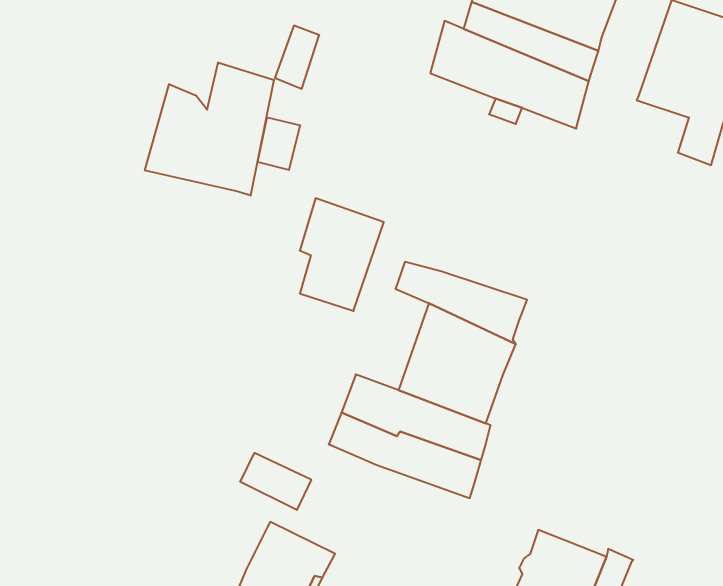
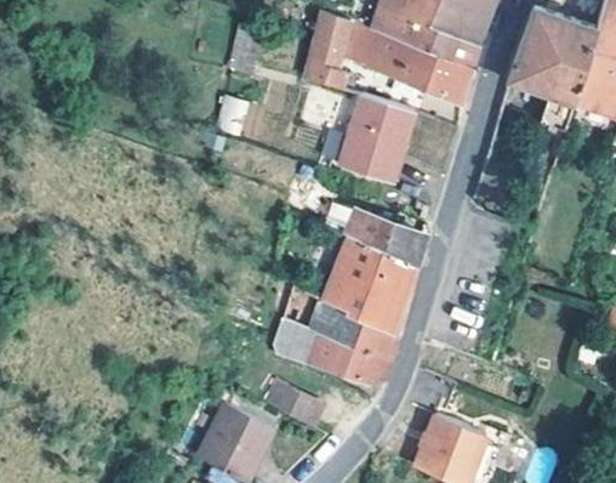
building: none -> [309,11,353,90]
building: [145,62,274,196] -> none
building: [300,198,384,311] -> [346,95,410,181]
building: [240,453,311,510] -> [268,385,323,428]

